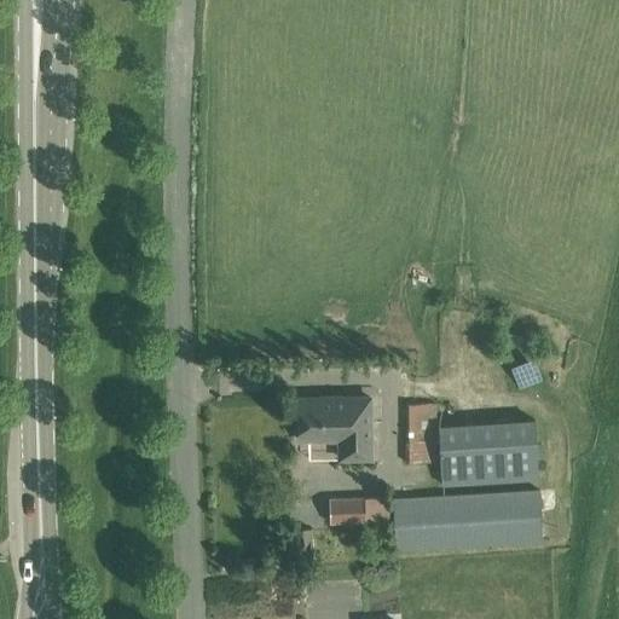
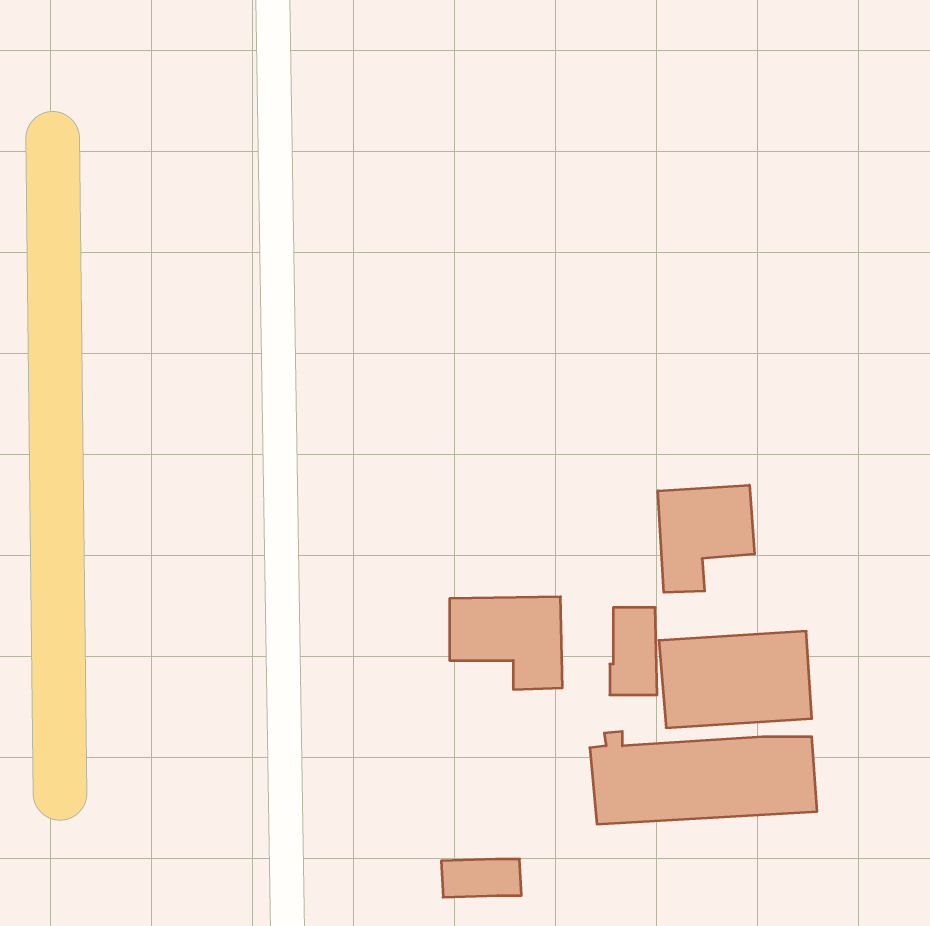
building: none -> [658,485,755,592]
building: [329,499,382,525] -> [441,859,521,897]

